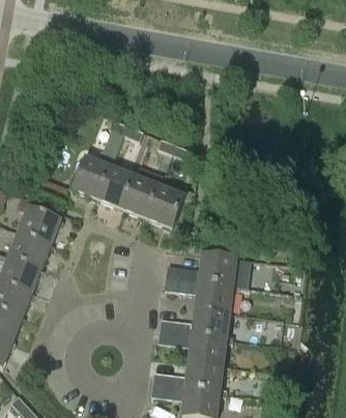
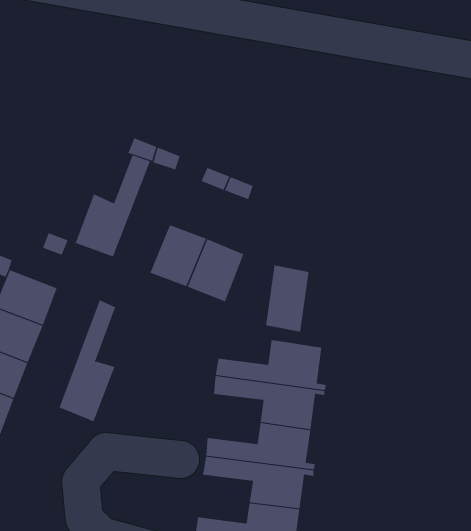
building: [98,166,136,208] -> none
building: none -> [266,265,309,333]
building: none -> [59,300,116,422]

